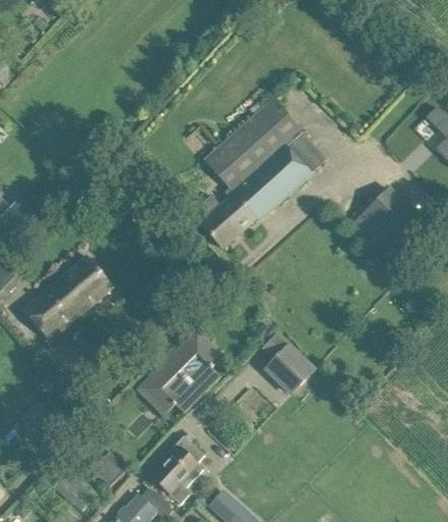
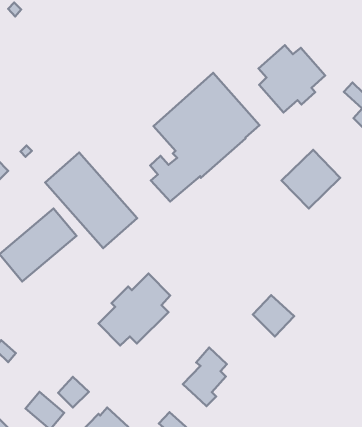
building: none -> [259,45,325,112]
building: none -> [45,152,137,248]
building: [266,345,314,393] -> [253,295,294,336]
building: [153,434,204,503] -> [183,347,227,406]

